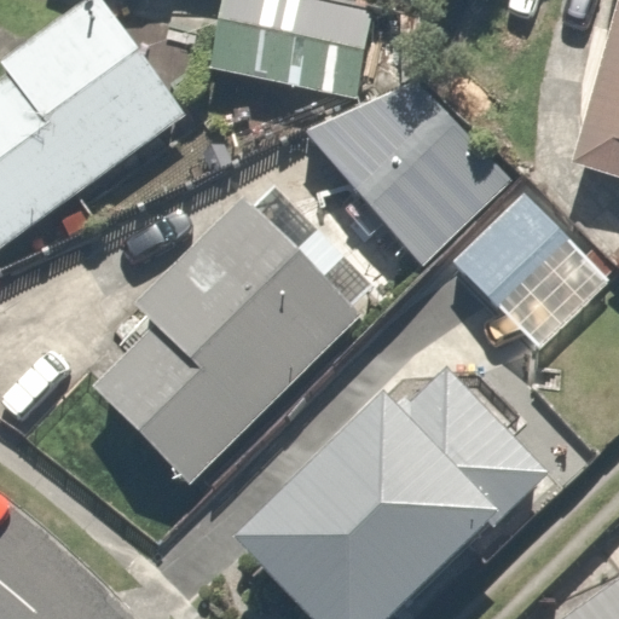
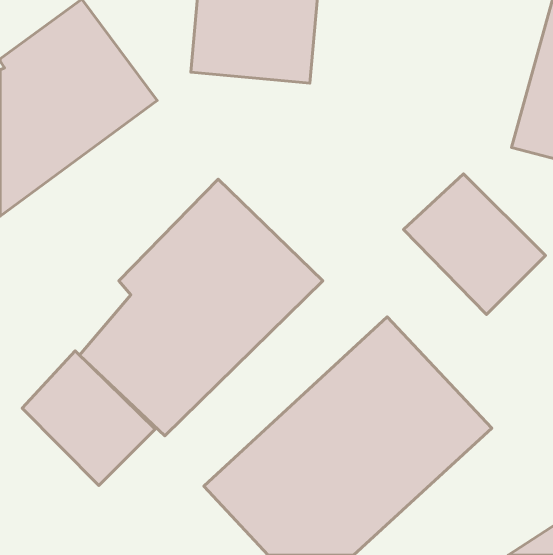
building: [307,85,514,266] -> none
building: none -> [22,351,155,485]

